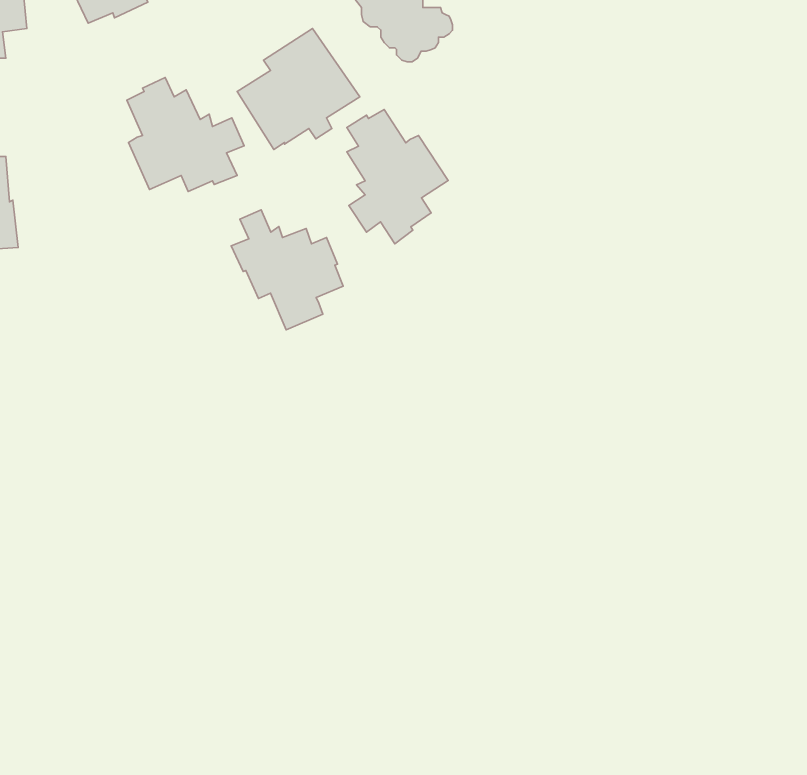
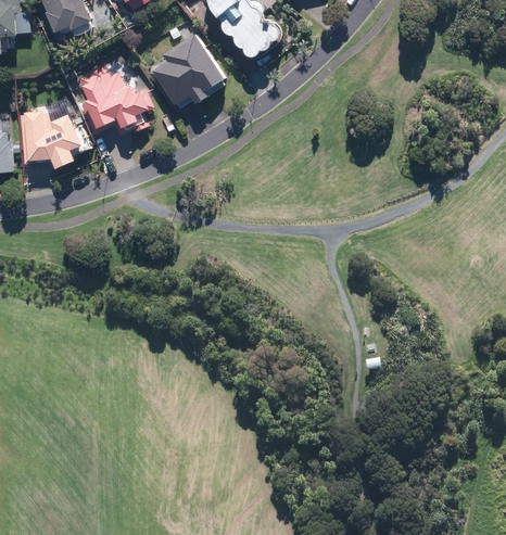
building: [347,109,448,244] -> none
building: none -> [20,111,83,165]
building: [231,210,343,330] -> none

